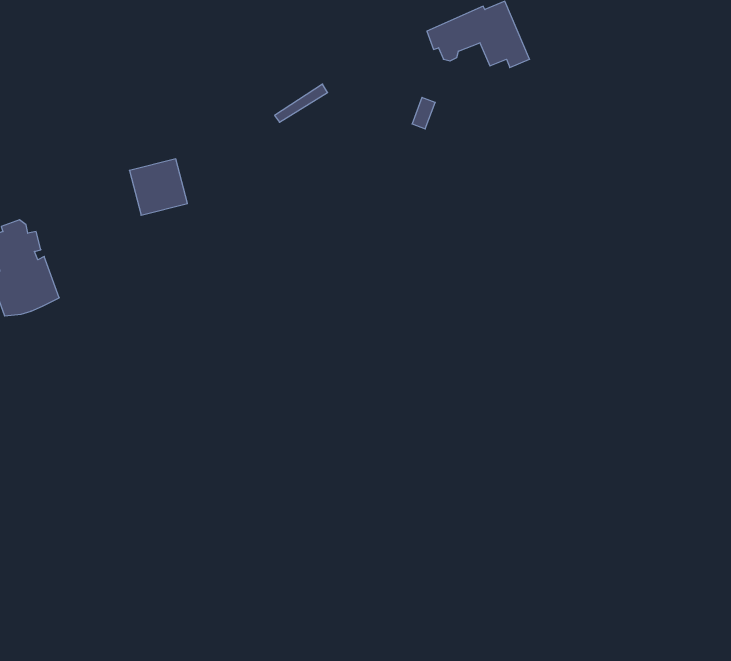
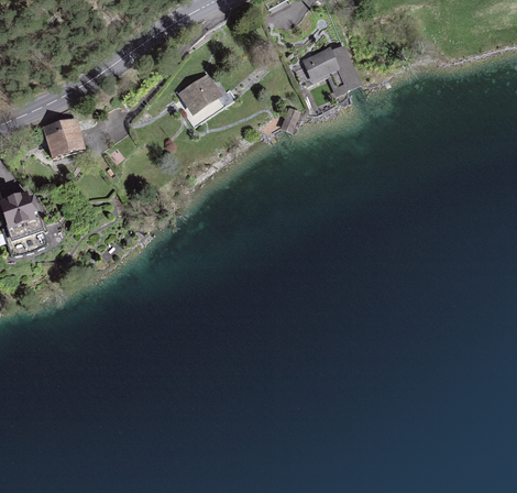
building: none -> [183,76,218,108]
building: [129,159,187,215] -> [45,118,84,155]

